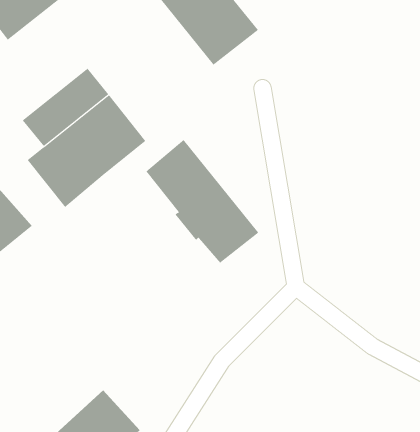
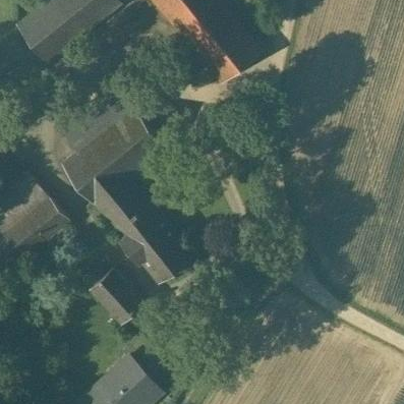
building: [146,139,259,264] -> [95,179,191,285]
building: none -> [90,271,142,325]

